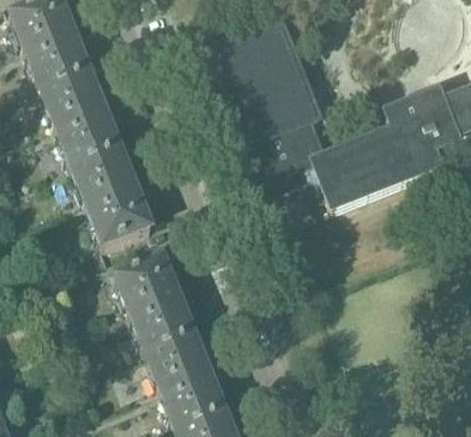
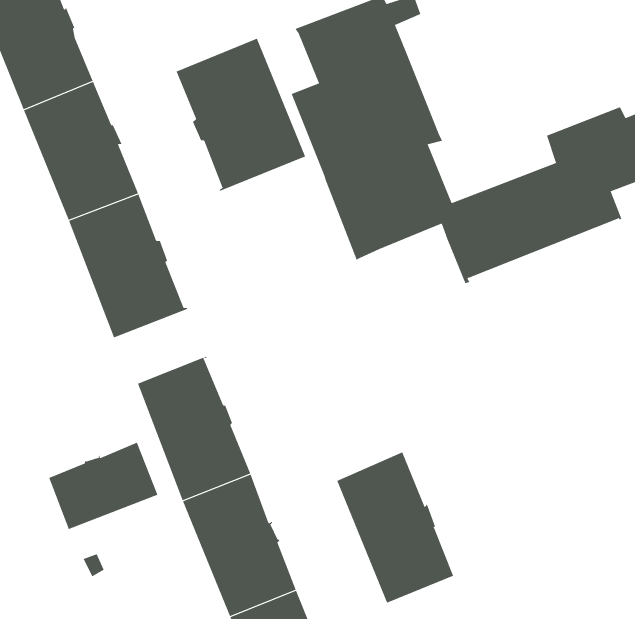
building: none -> [176,38,306,191]
building: none -> [48,442,158,530]
building: none -> [337,452,454,603]

